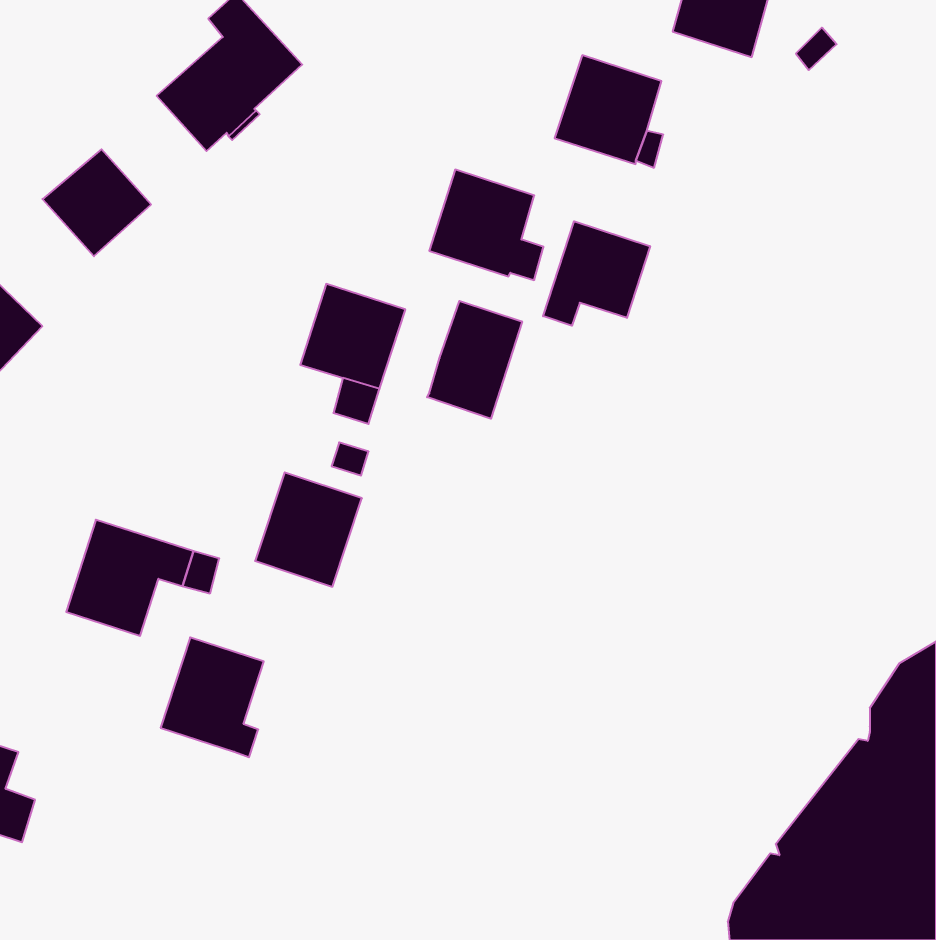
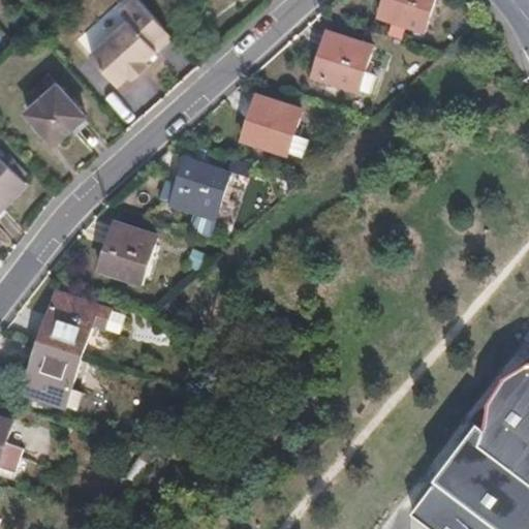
building: [543,221,650,326] -> none
building: [427,301,522,419] -> none
building: [255,472,362,587] -> [97,221,157,285]
building: [161,637,264,757] -> [21,343,79,410]

